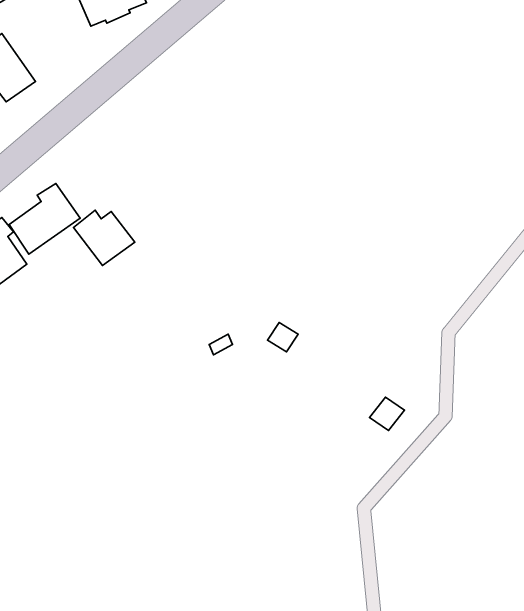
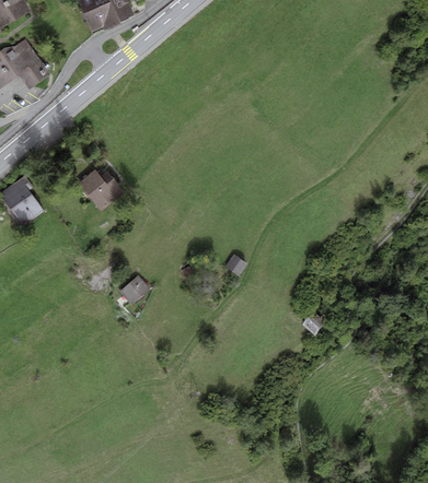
building: [9,184,80,254] -> none
building: none -> [119,274,150,305]

